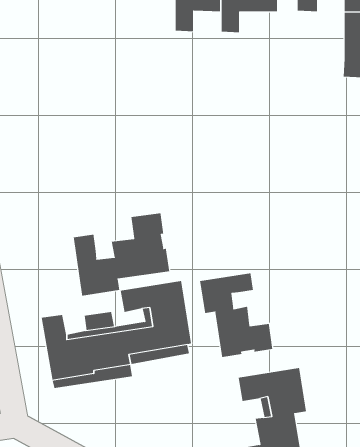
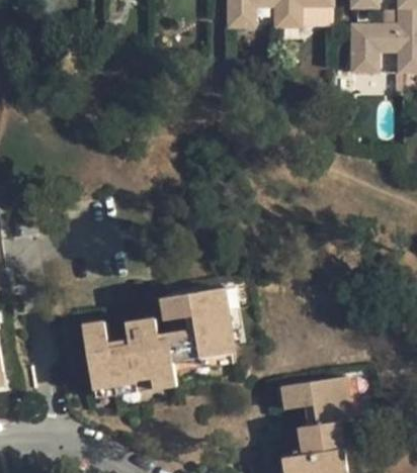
building: none -> [340,33,388,81]
building: [73,212,170,296] -> none
building: [200,272,273,358] -> none

